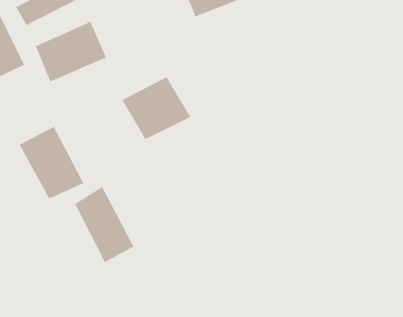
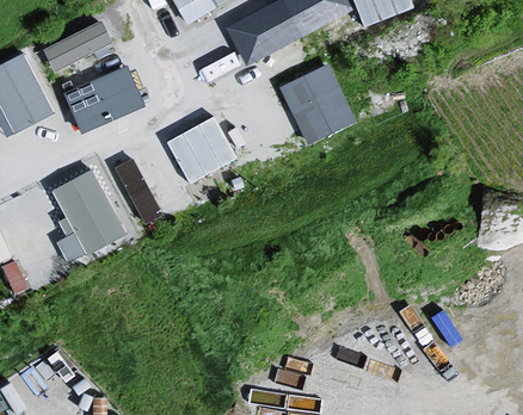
building: none -> [278,74,355,154]
building: [74,186,135,263] -> none

